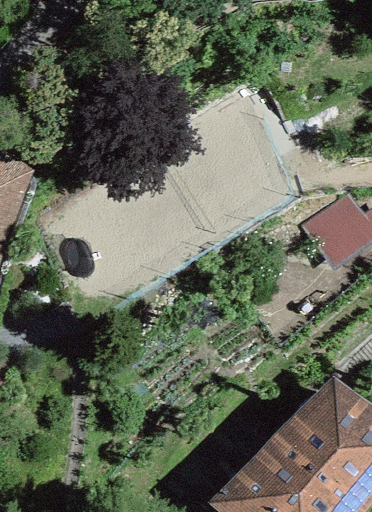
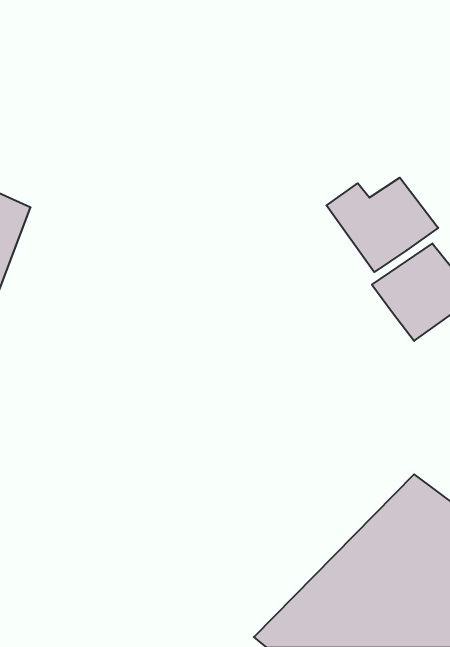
building: none -> [326,178,438,272]

